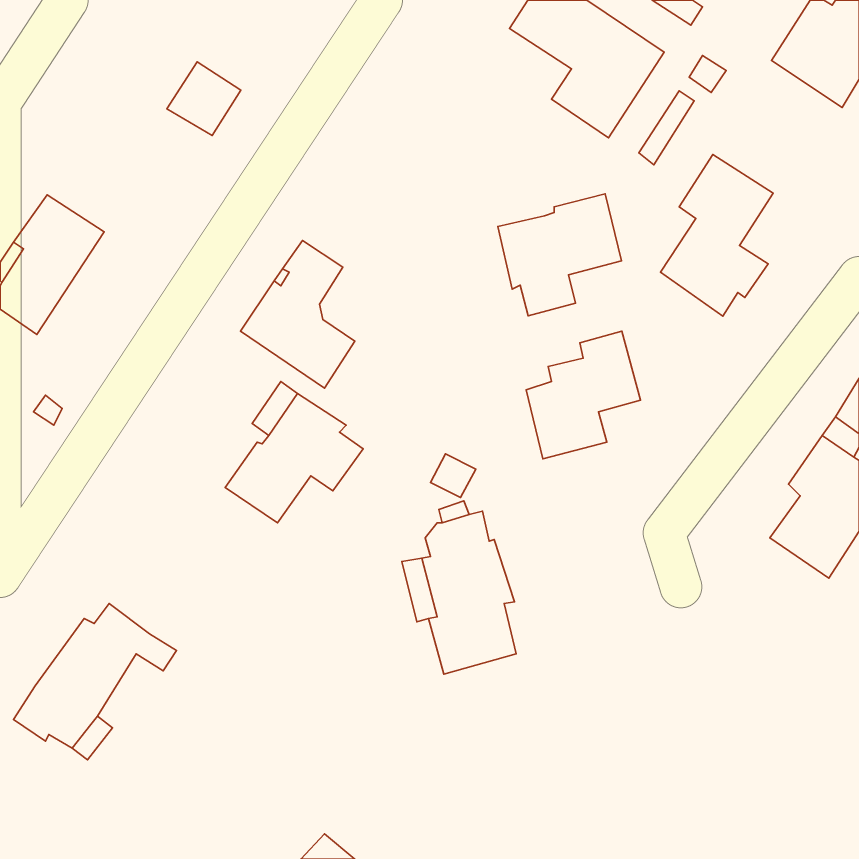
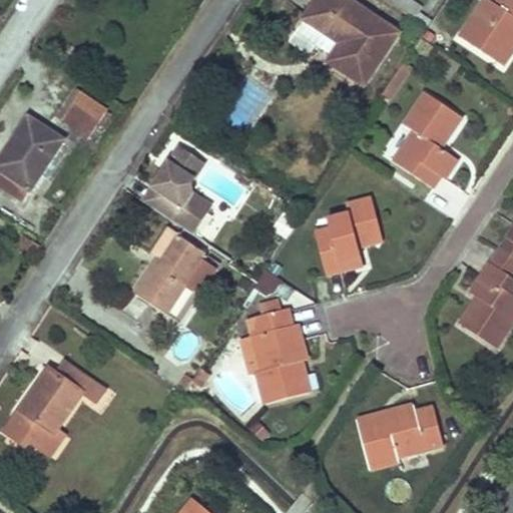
building: [167,62,241,136] -> [61,89,105,133]
building: [498,194,621,316] -> none
building: none -> [356,404,443,467]

